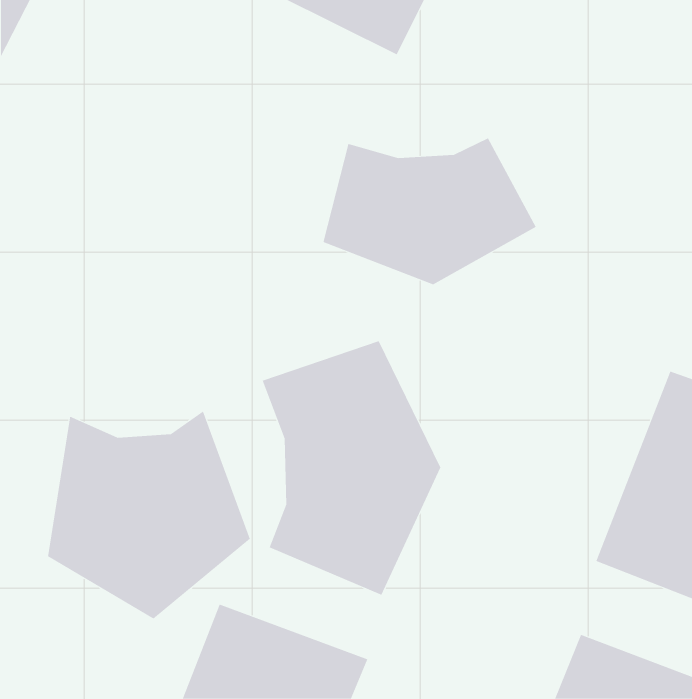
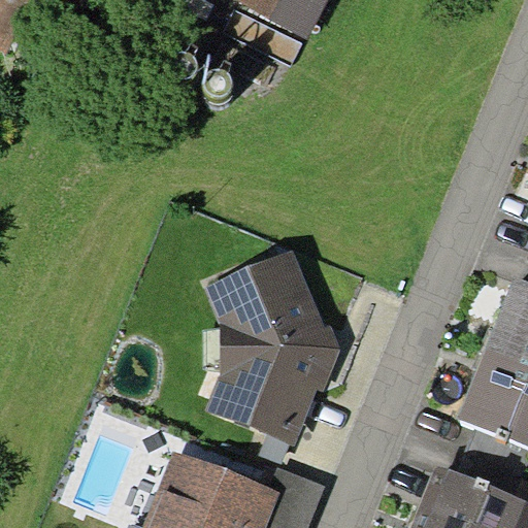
building: [323,137,536,285] -> none
building: [48,410,251,619] -> none

